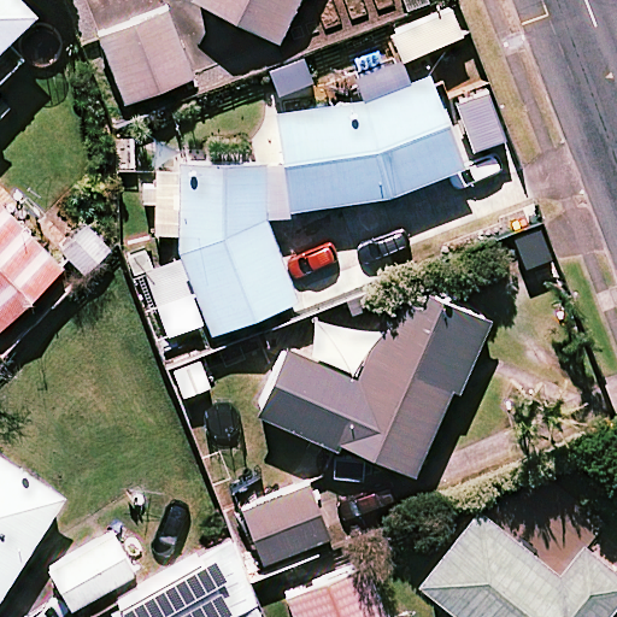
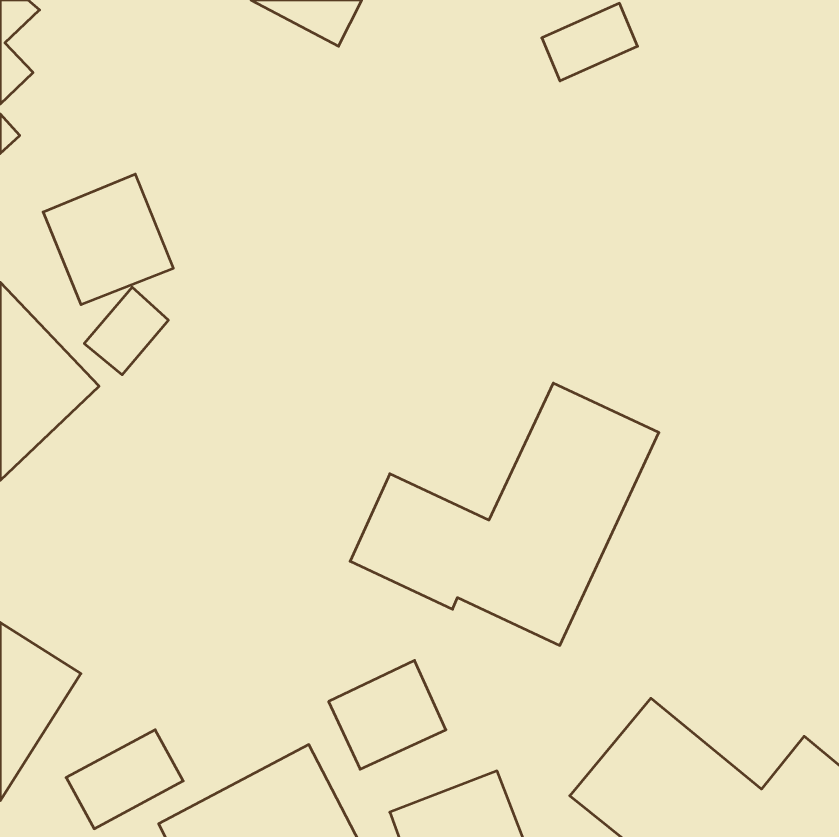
building: [100,10,195,105] -> [43,174,173,305]
building: [275,86,458,213] -> none
building: [147,155,295,331] -> none

